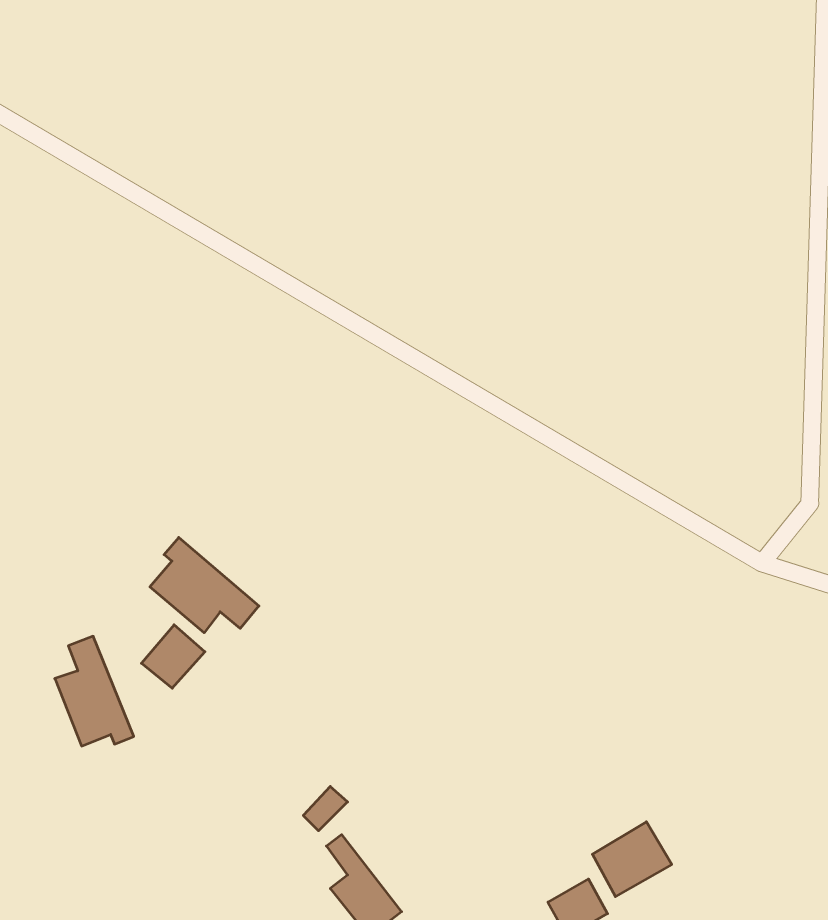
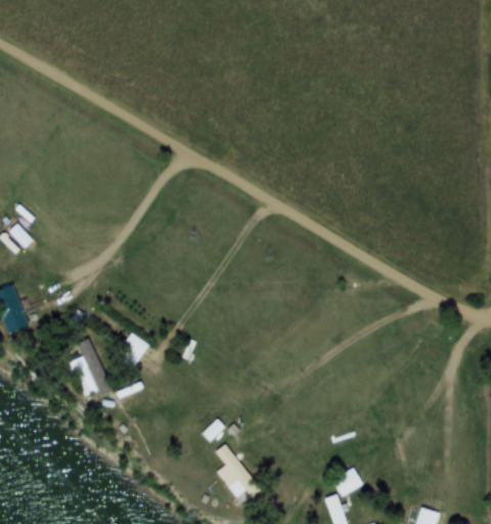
building: [150,537,259,633] -> none
building: [592,822,672,897] -> none

